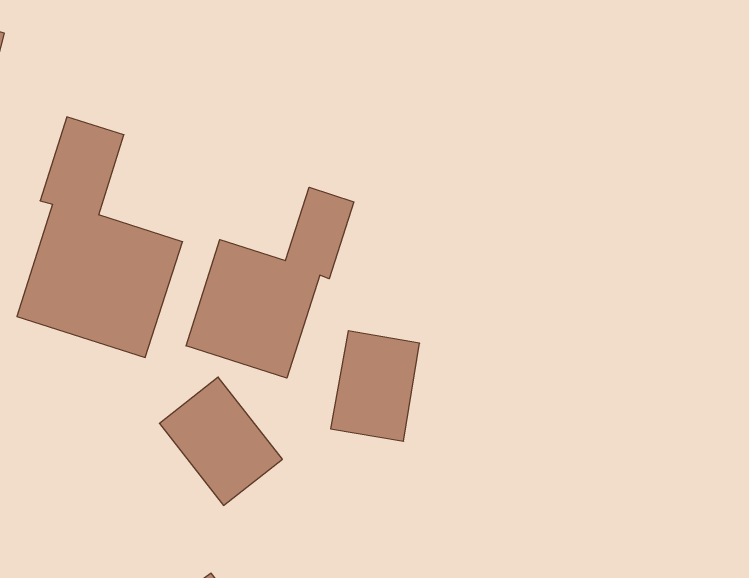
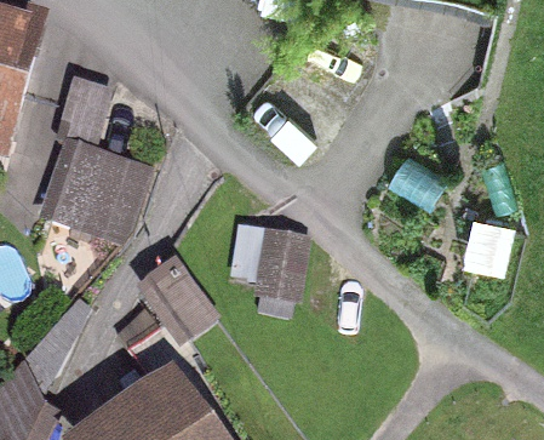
building: [186,187,354,378] -> none

